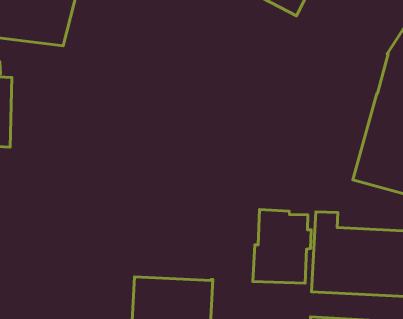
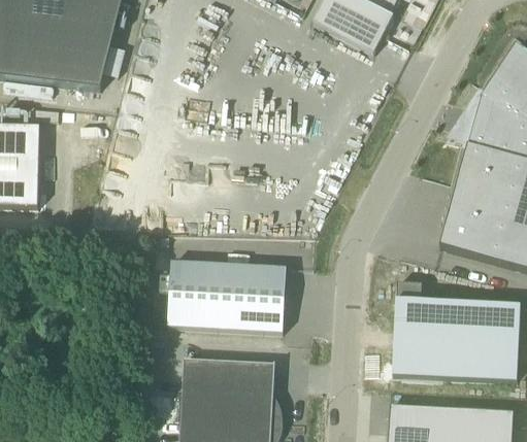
building: none -> [168,261,287,332]
building: [253,210,311,283] -> none

